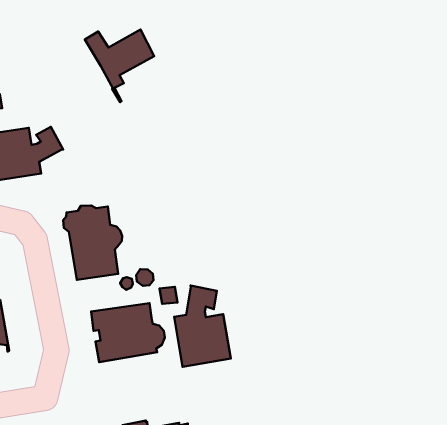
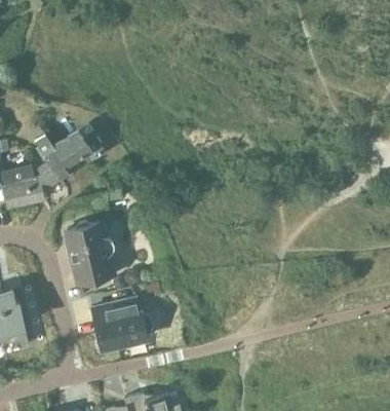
building: [85,29,154,102] -> [35,130,91,190]
building: [174,285,231,367] -> none

